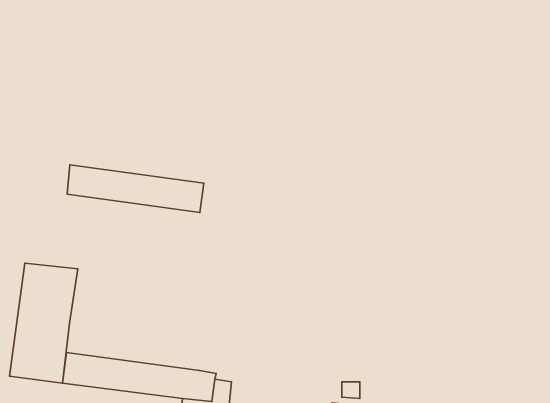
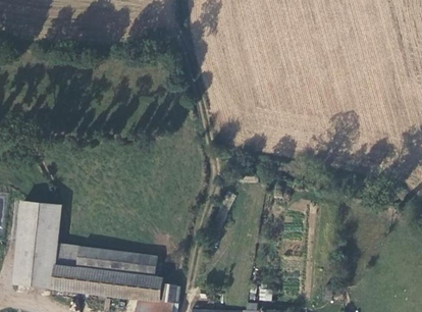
building: [67,165,204,212] -> [52,244,152,278]

